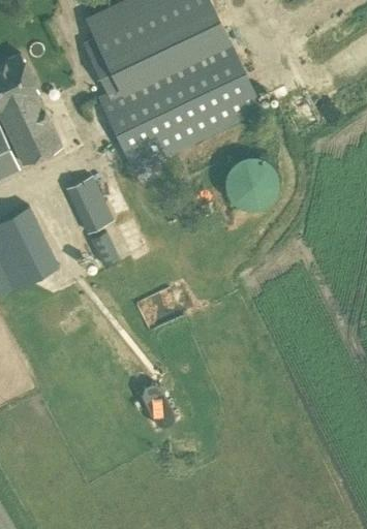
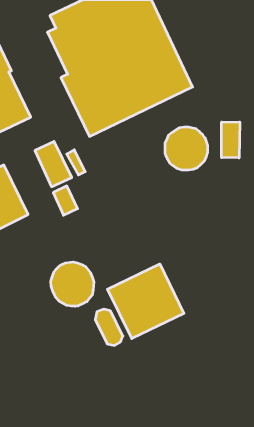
building: none -> [222,122,240,158]
building: none -> [51,262,94,306]
building: none -> [107,264,184,339]

